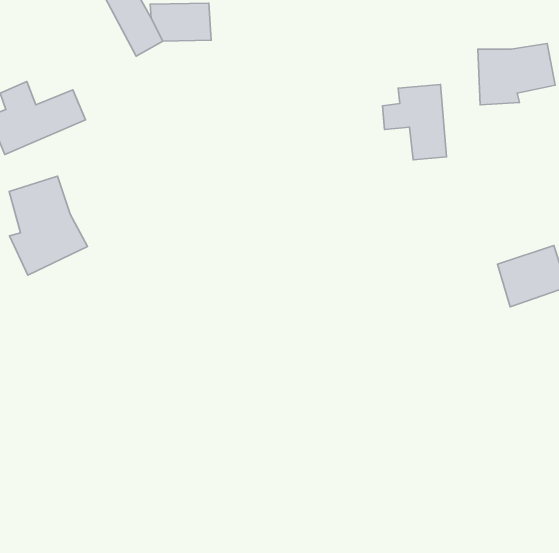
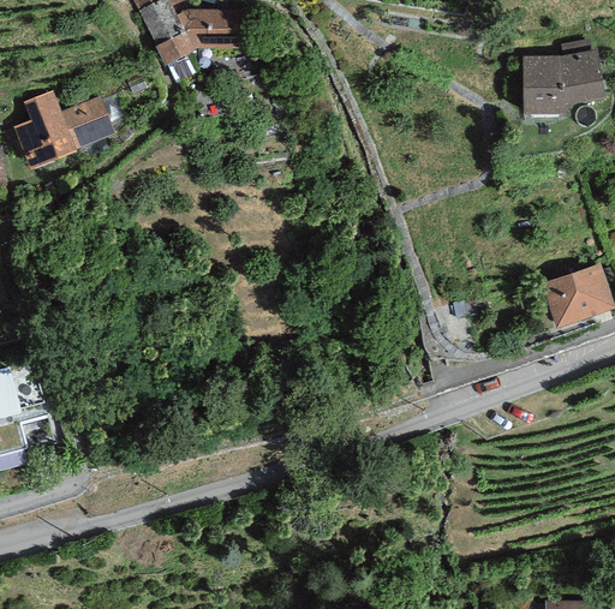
building: [383,84,446,160] -> none
building: [9,176,88,275] -> none

